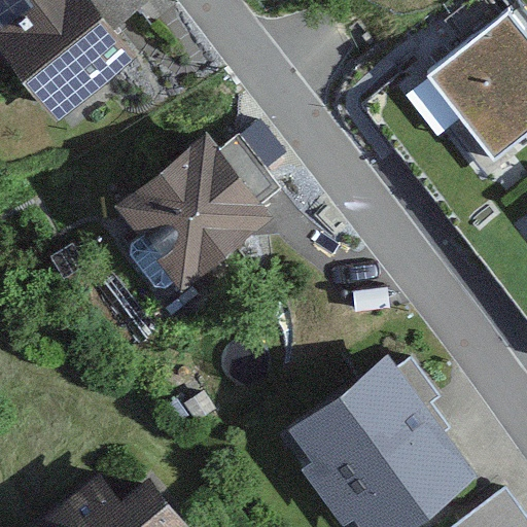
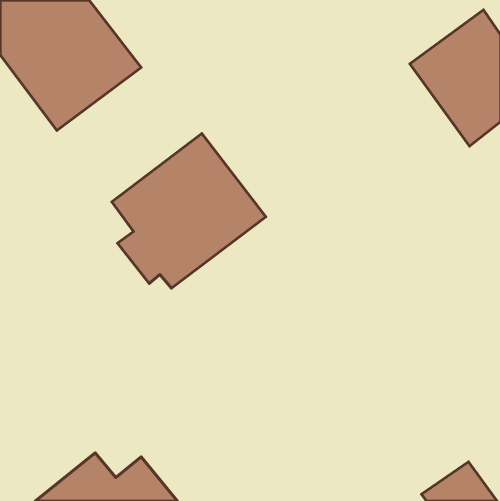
building: [296,363,448,512] -> none

